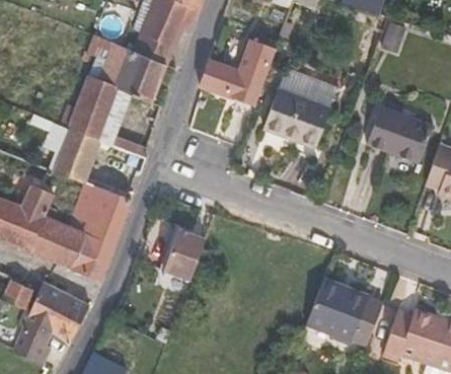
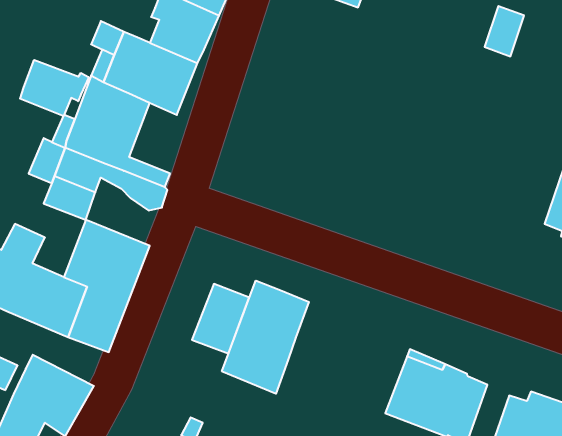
building: [200,42,276,105] -> none
building: none -> [20,60,89,116]
building: [262,70,336,148] -> none
building: [366,105,432,163] -> none
building: none -> [222,281,309,394]

